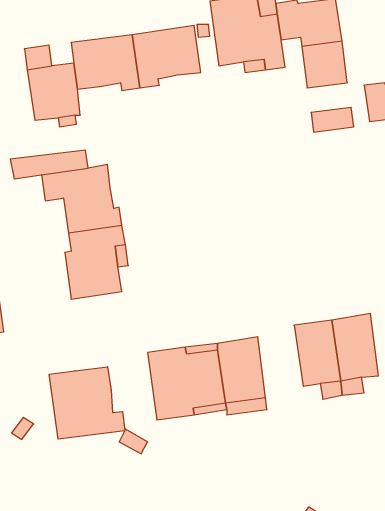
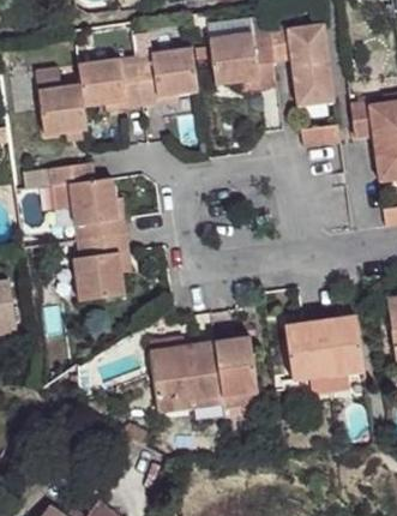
building: [49,367,125,439] -> none

